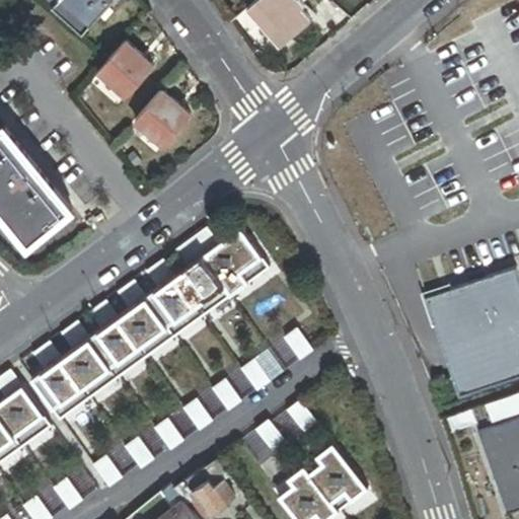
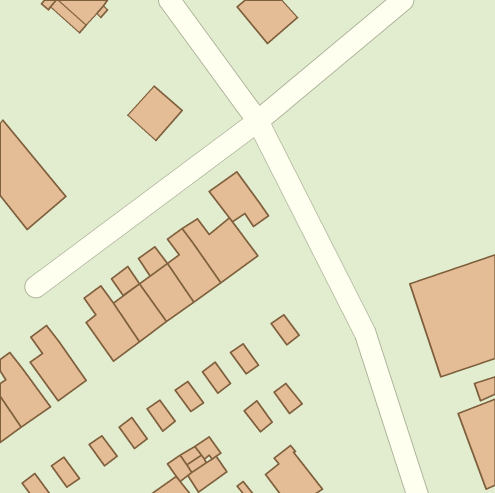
building: [97,43,153,99] -> none
building: none -> [209,172,268,226]
building: [60,322,119,400] -> none
building: [307,445,368,514] -> none

